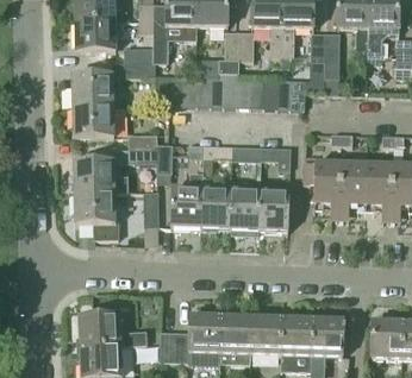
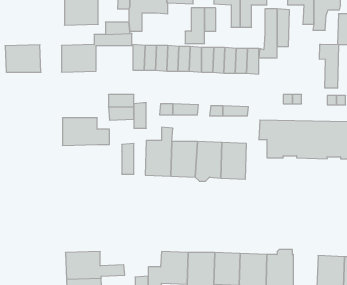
building: none -> [319,44,338,88]
building: [73,106,114,138] -> [5,45,41,72]
building: [74,191,118,238] -> none

